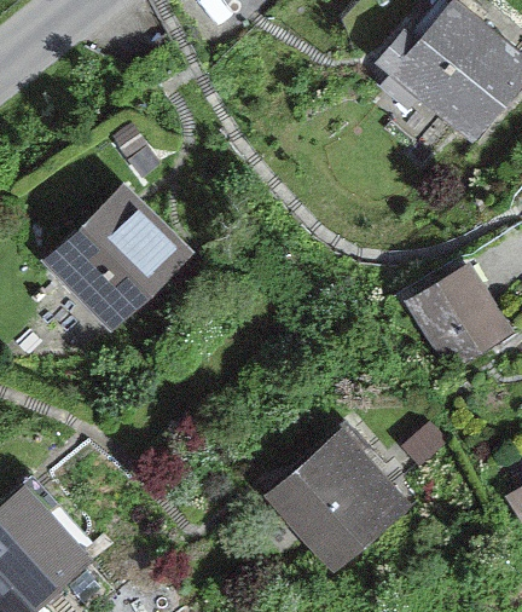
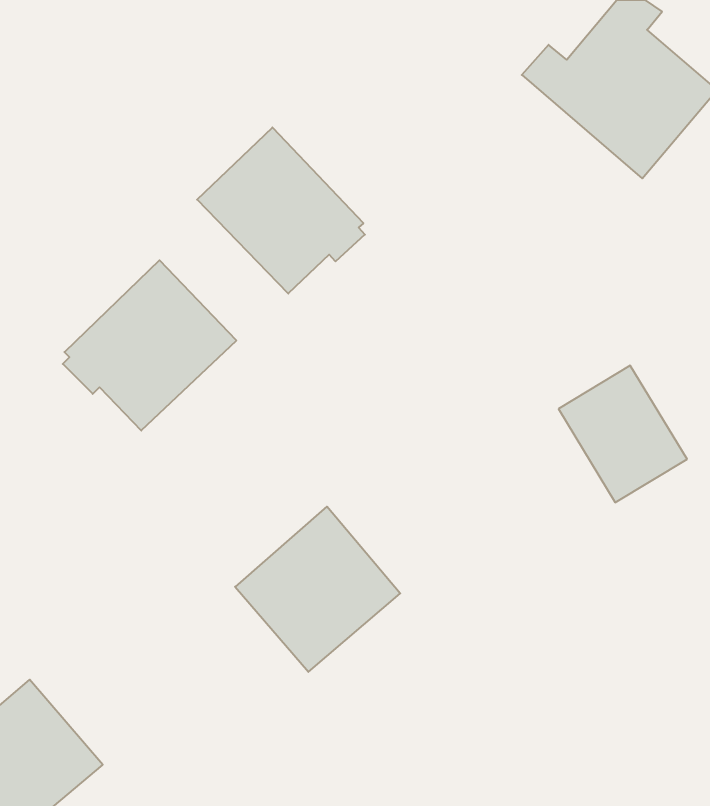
building: none -> [197,127,365,294]
building: [278,439,398,559] -> [235,507,400,672]

